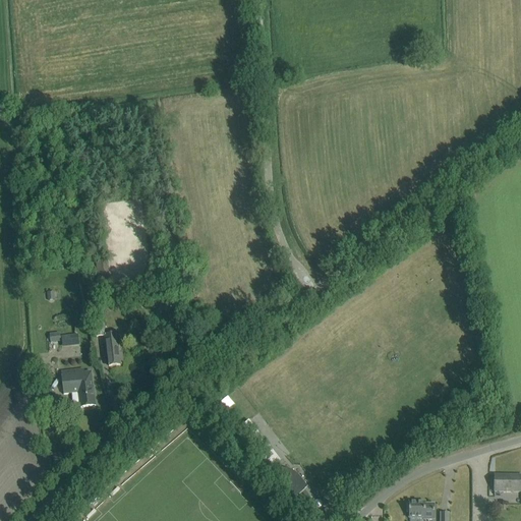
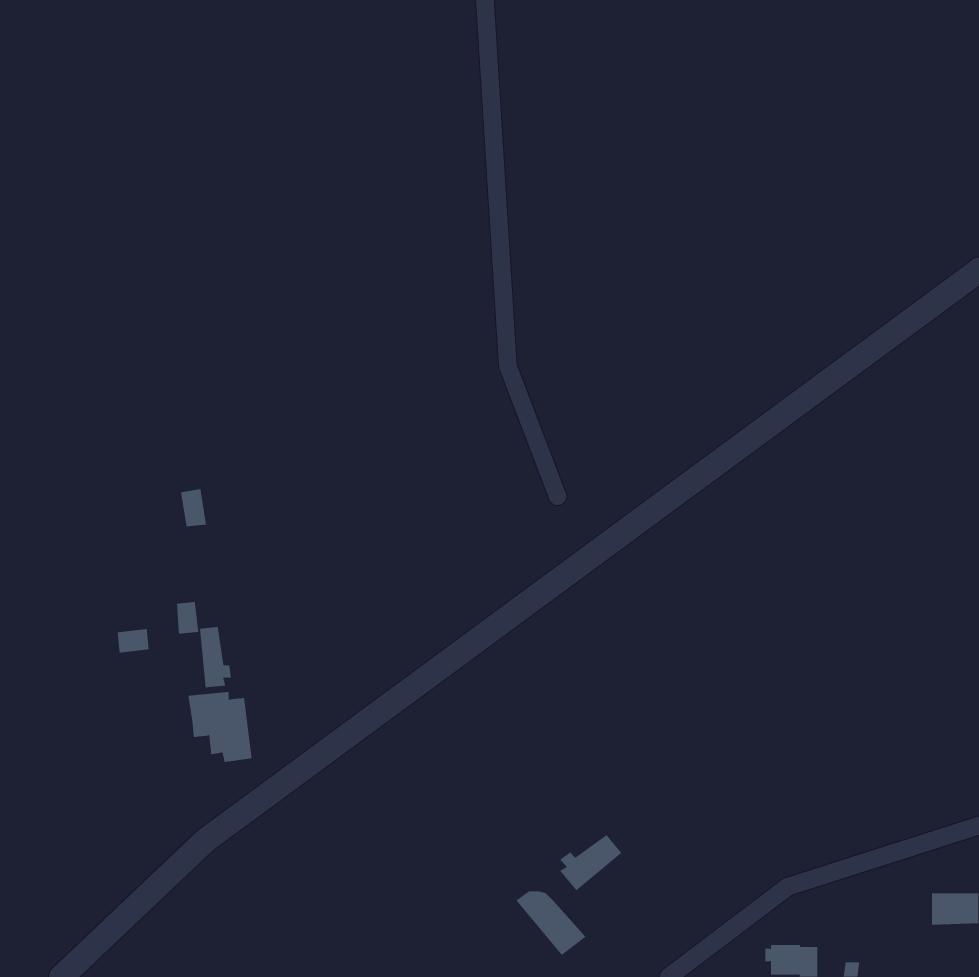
building: [61,369,96,407] -> [187,692,253,762]
building: none -> [559,834,622,891]

